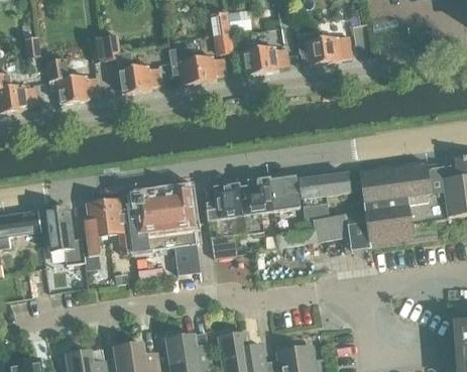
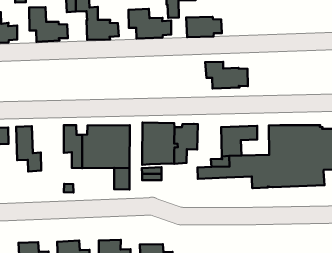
building: [295,29,351,64] -> [205,62,248,88]
building: [271,176,302,211] -> none
building: [86,201,110,268] -> none

